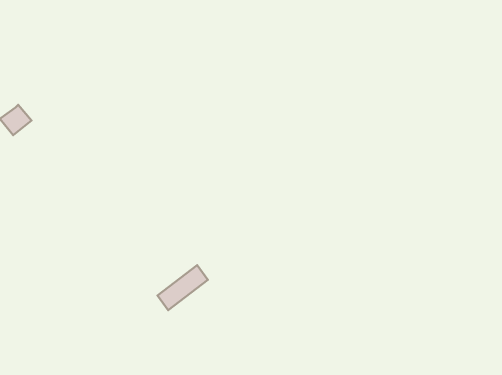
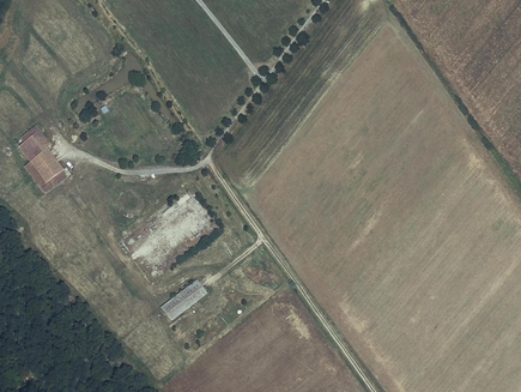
building: none -> [30,146,62,180]

